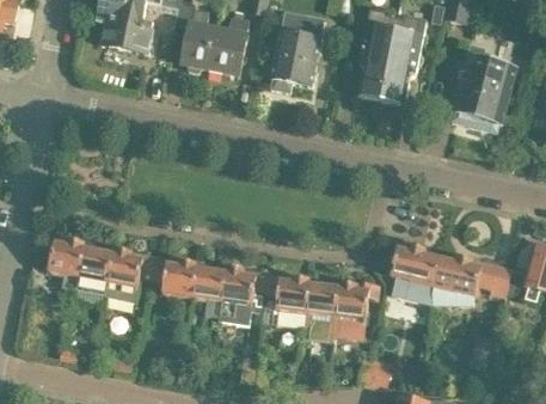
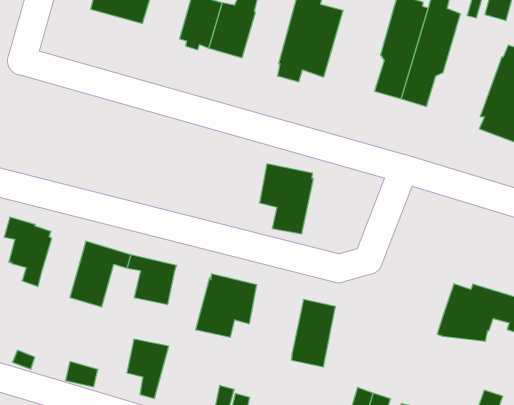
building: [386,237,440,302] -> none
building: [76,247,112,295] -> none
building: [191,267,226,317] -> [127,339,169,398]
building: [264,273,309,331] -> [259,164,313,234]
building: [332,281,379,338] -> none

